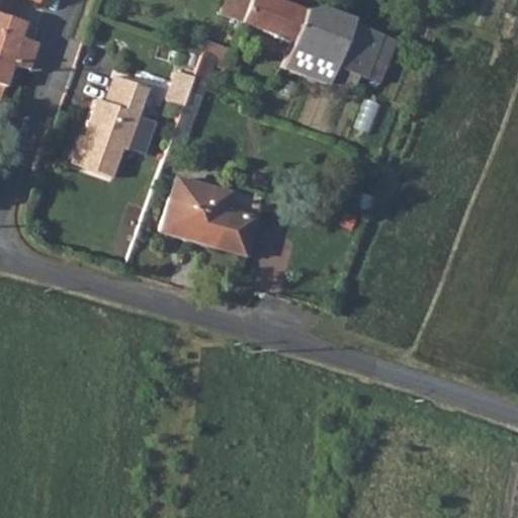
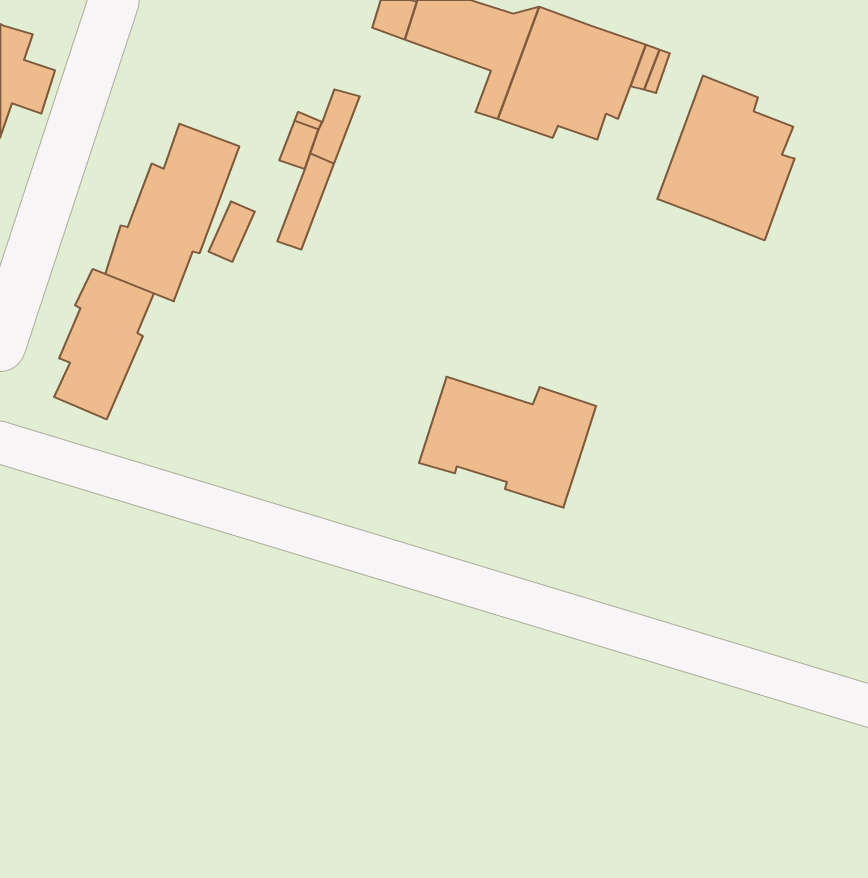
building: none -> [657,75,795,240]
building: none -> [54,269,154,419]
building: [161,176,265,253] -> [419,377,596,508]

